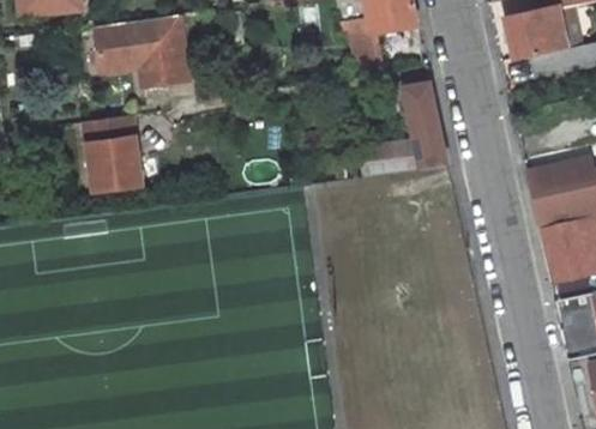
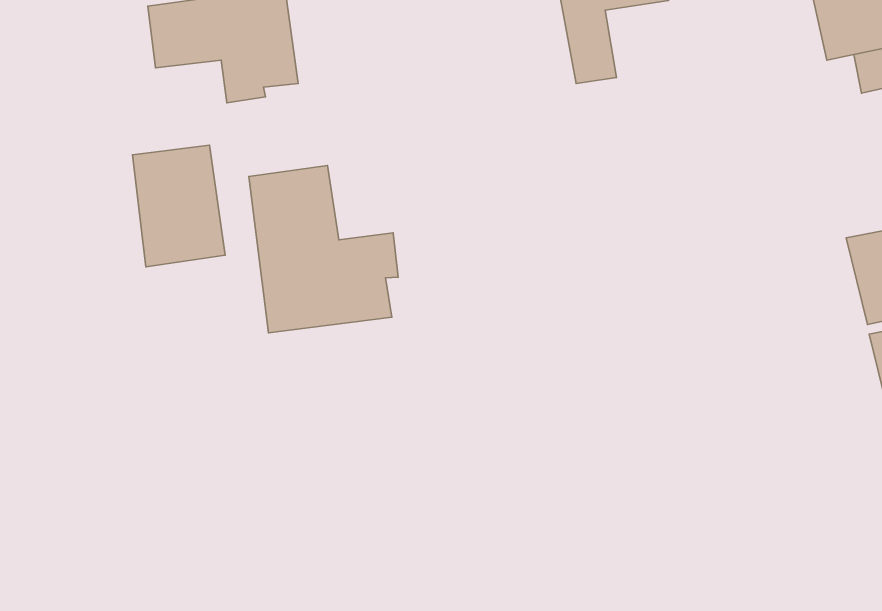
building: [360,81,446,176] -> none
building: none -> [249,165,398,333]

